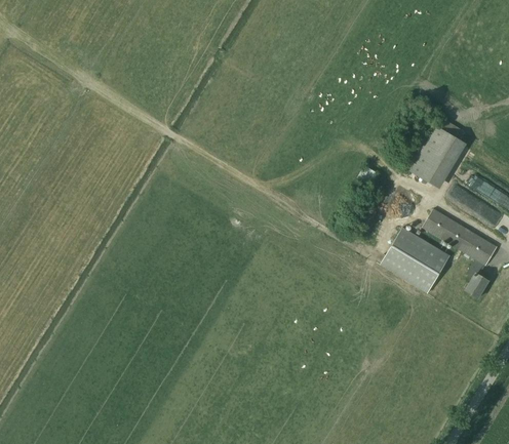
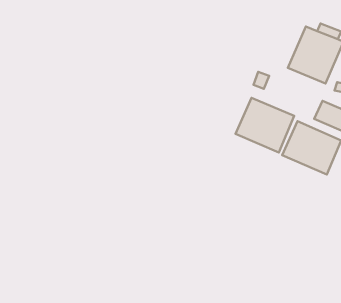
building: none -> [235,98,294,152]

